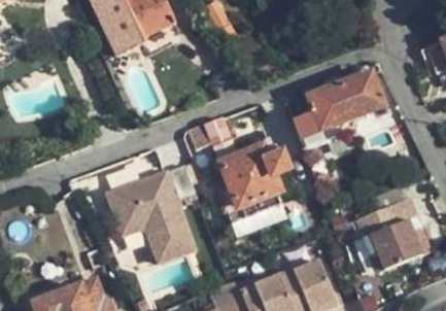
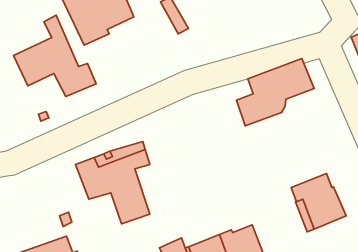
building: none -> [14,15,96,96]
building: [192,114,287,234] -> none

